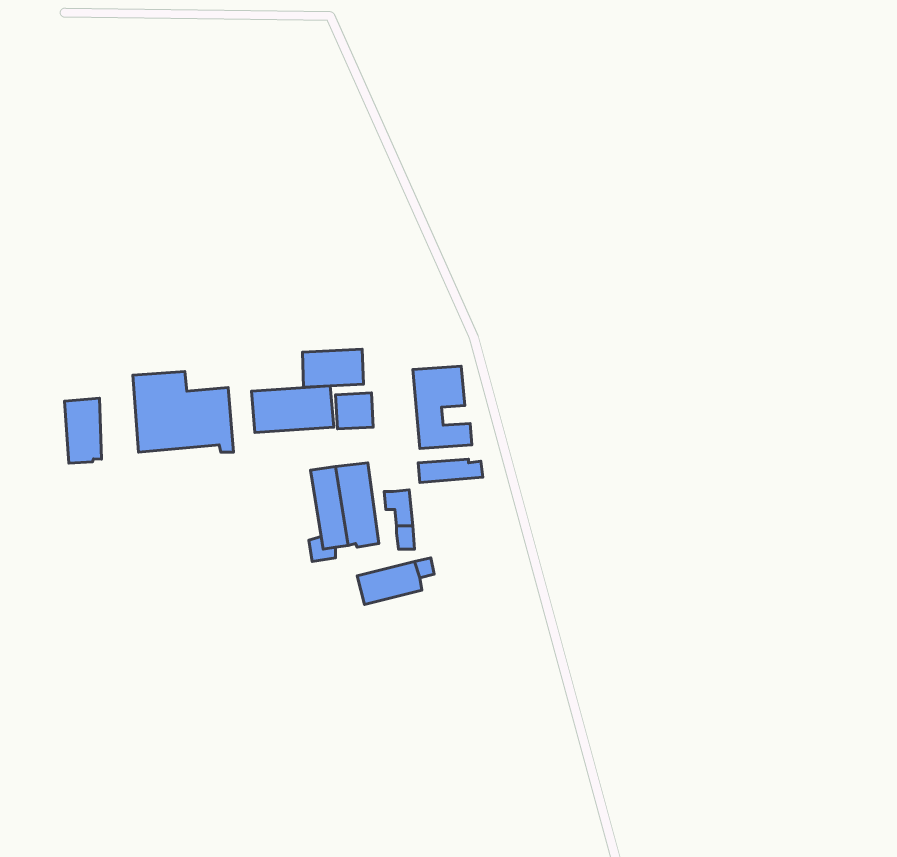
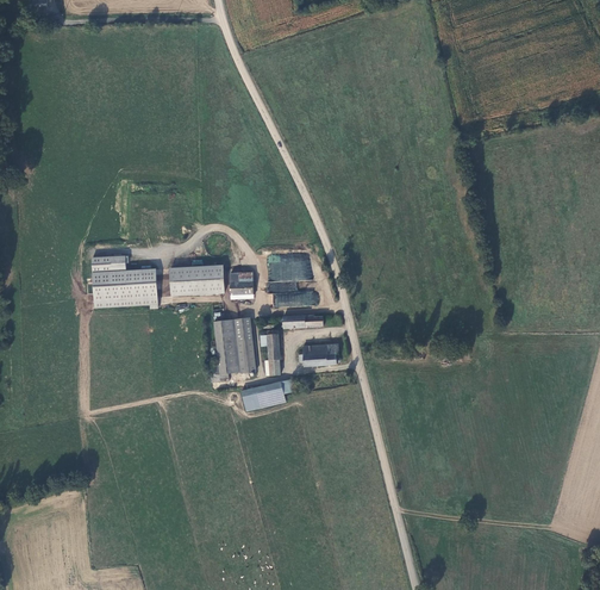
building: [302,349,363,387] -> none
building: [65,398,102,463] -> none
building: none -> [300,342,338,365]

